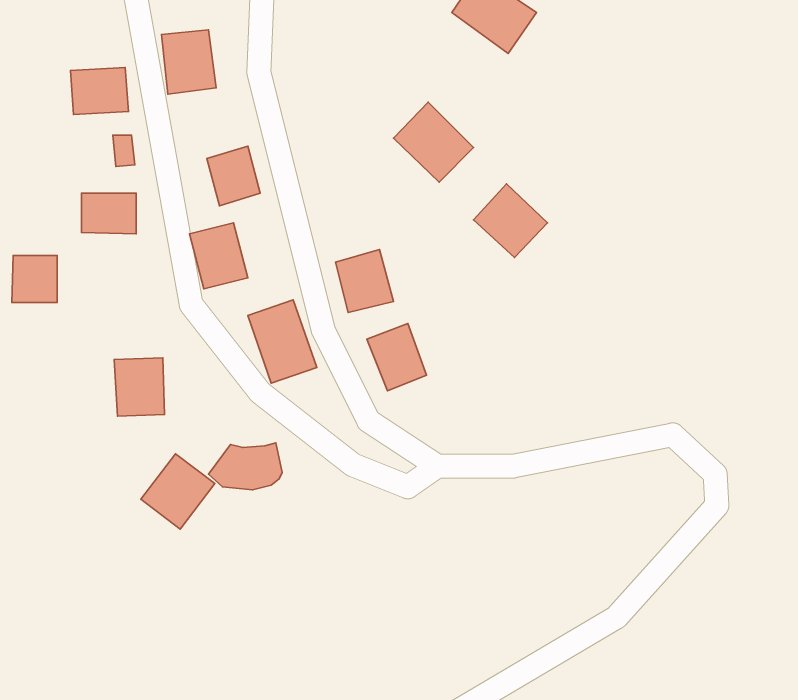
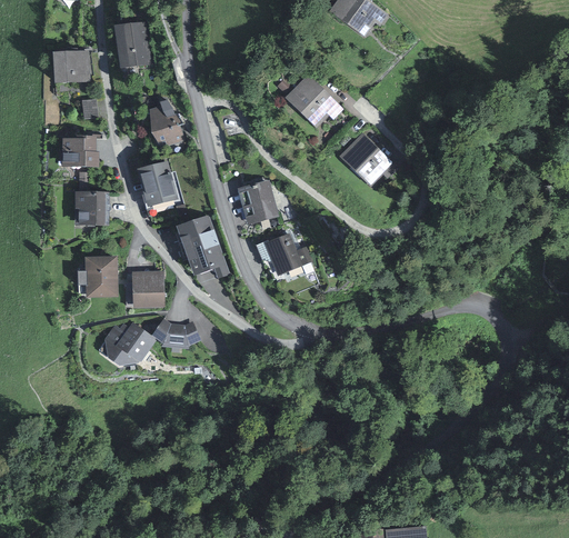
building: [12,256,57,303] -> [73,191,106,225]
building: none -> [129,275,163,306]

